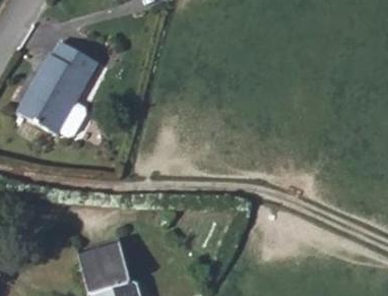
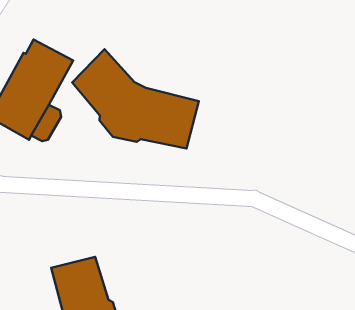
building: none -> [72,49,199,148]

